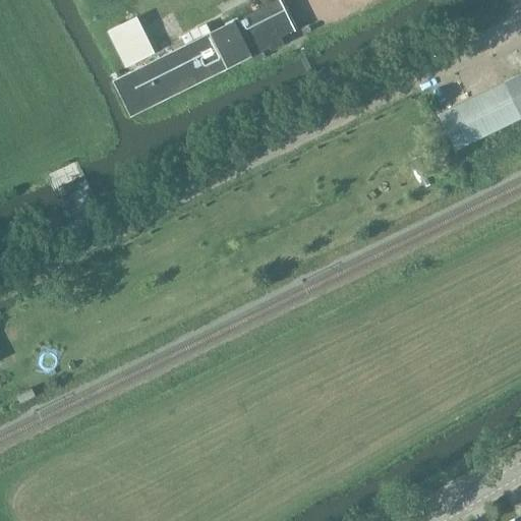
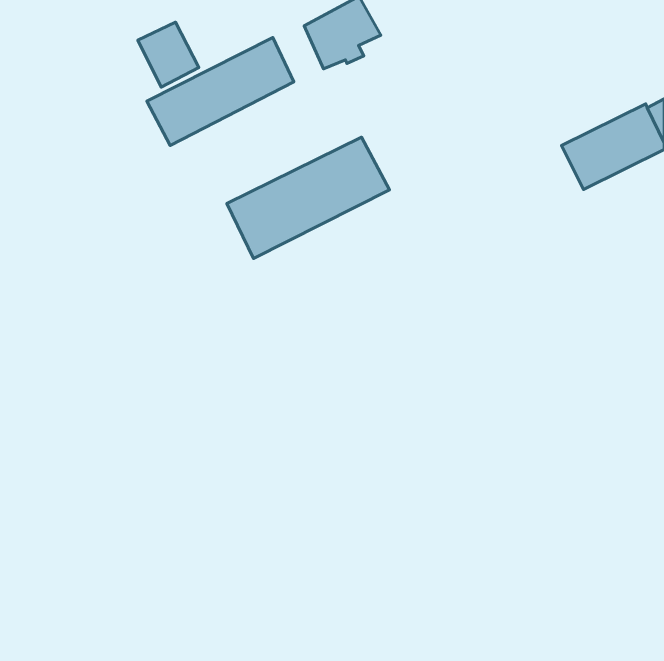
building: [214,20,254,67] -> none
building: none -> [227,137,390,259]

